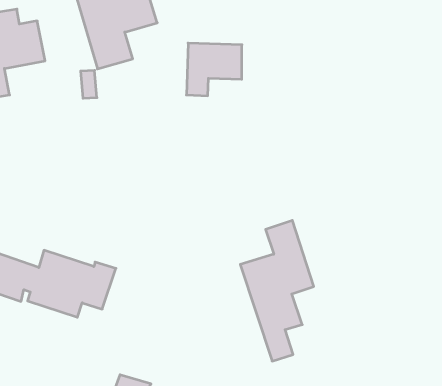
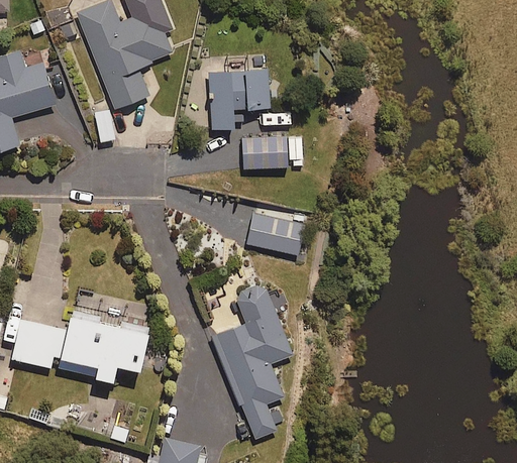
building: none -> [243,136,302,168]
building: none -> [246,206,306,255]
building: [240,220,314,361] -> [211,284,293,439]

